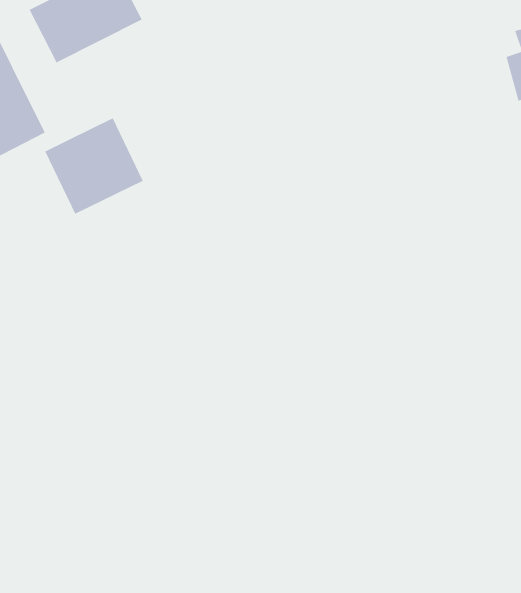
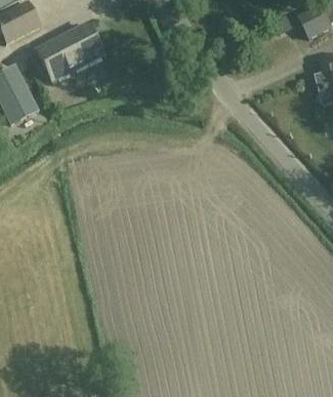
building: [44,117,144,215] -> none

